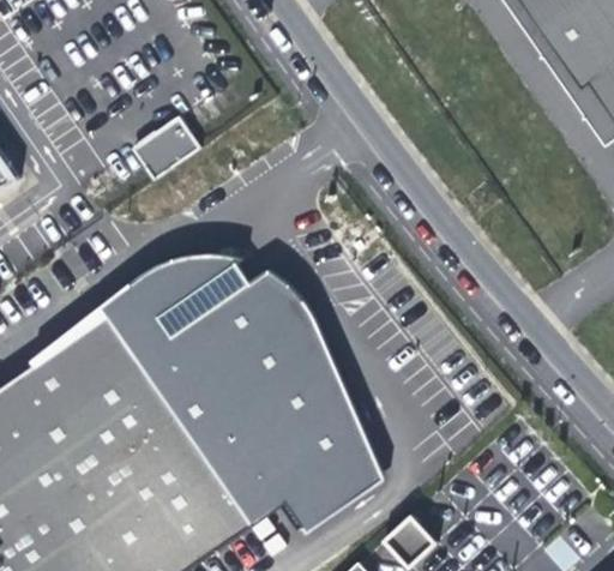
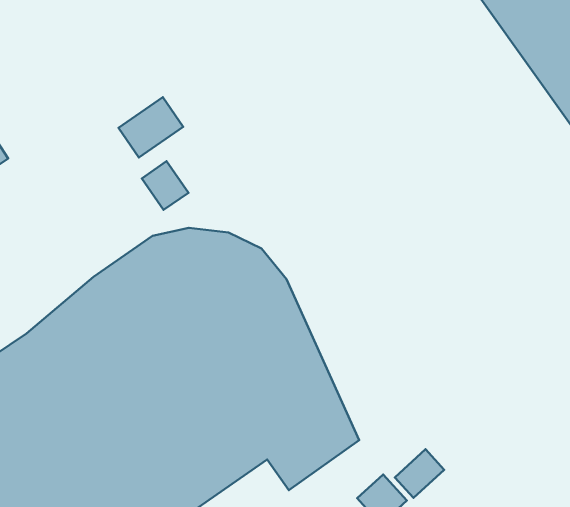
building: none -> [142,161,188,210]
building: none -> [395,449,444,498]

